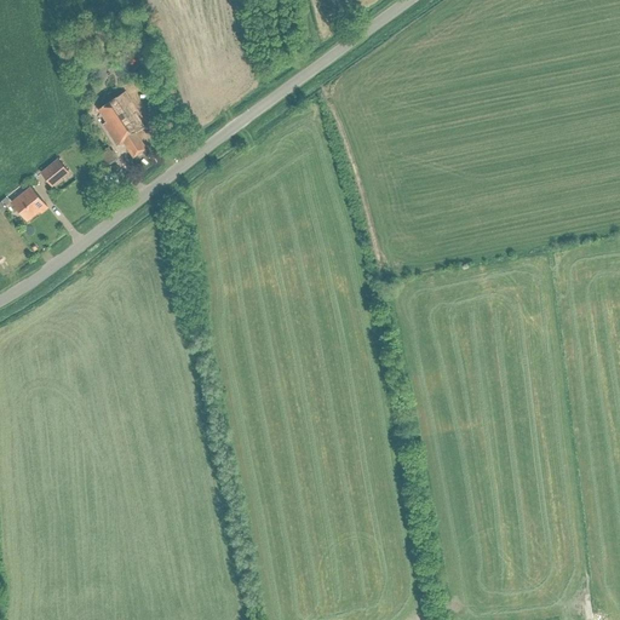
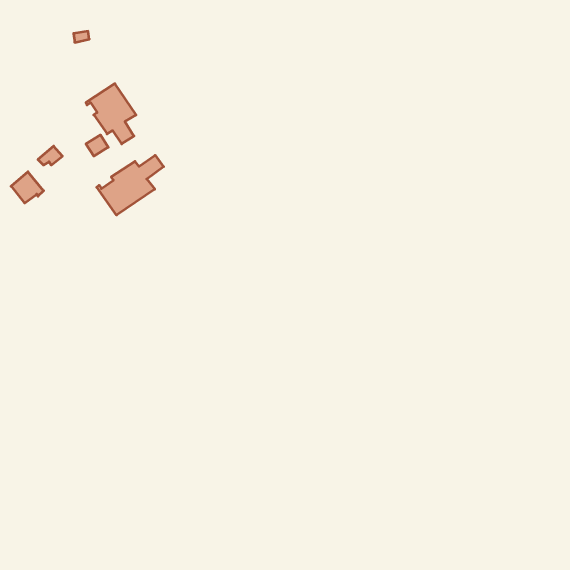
building: none -> [97,155,164,215]

